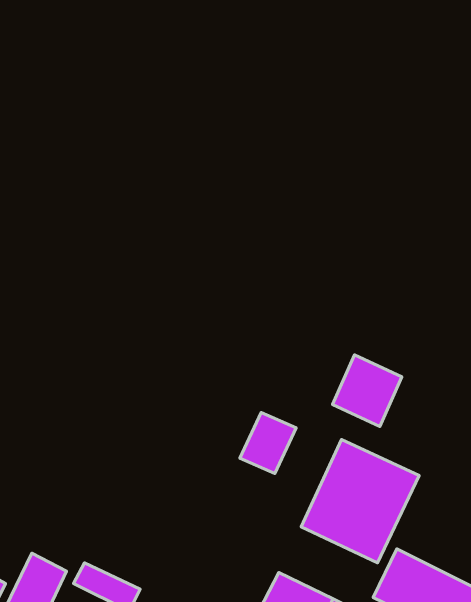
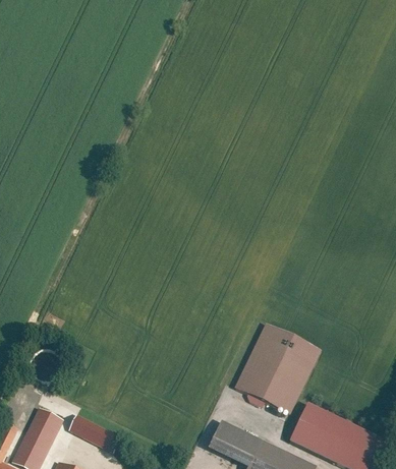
building: [333,355,402,426] -> none
building: [240,412,296,473] -> none

